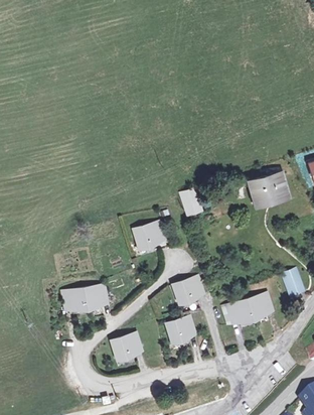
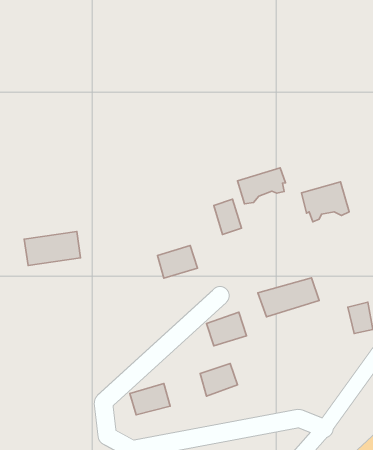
building: none -> [237,168,286,204]
building: [61,284,107,311] -> [24,232,81,265]
building: [223,293,273,324] -> [258,278,319,317]

